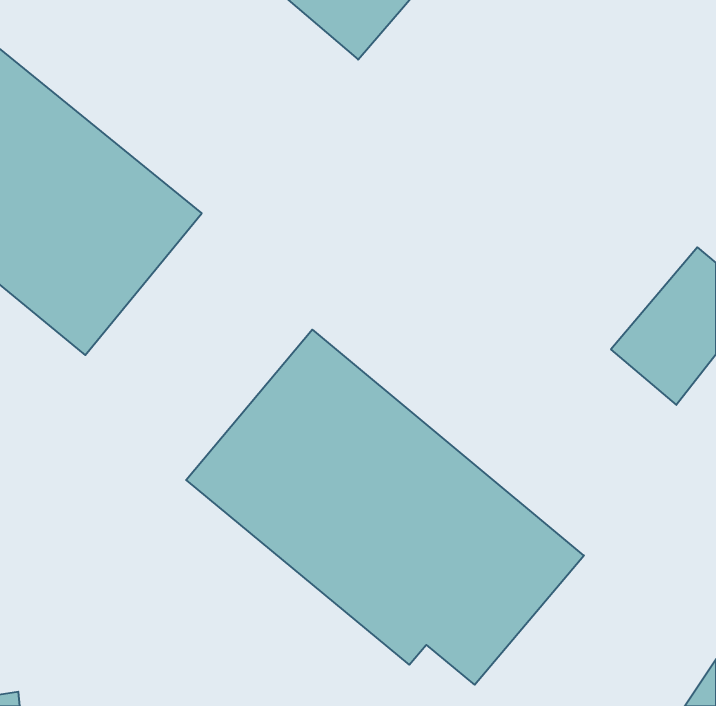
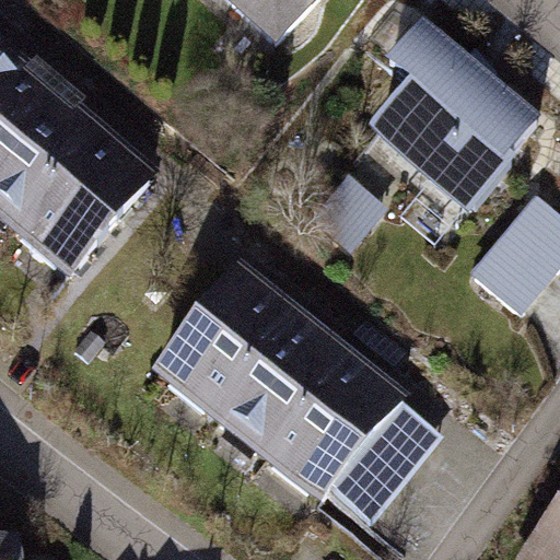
building: none -> [365,16,547,217]

